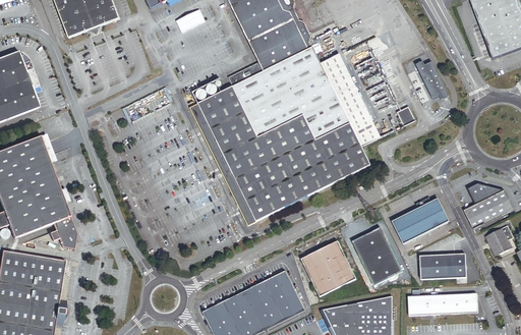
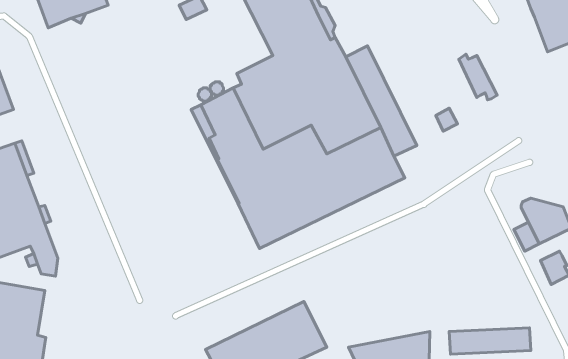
building: [392,198,449,243] -> none
building: [351,227,402,285] -> none
building: [300,240,355,296] -> none
building: [419,254,466,279] -> none

